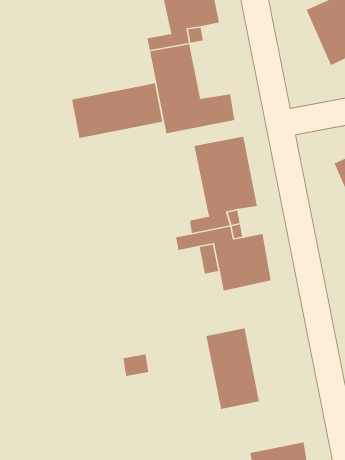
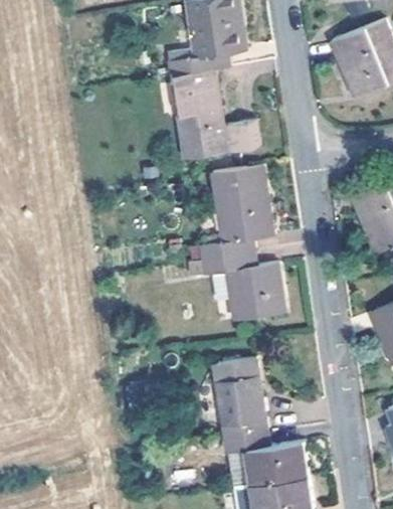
building: [71,83,163,139] -> none
building: none -> [224,432,307,482]

